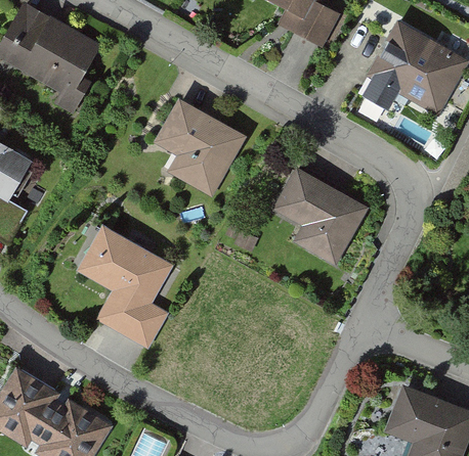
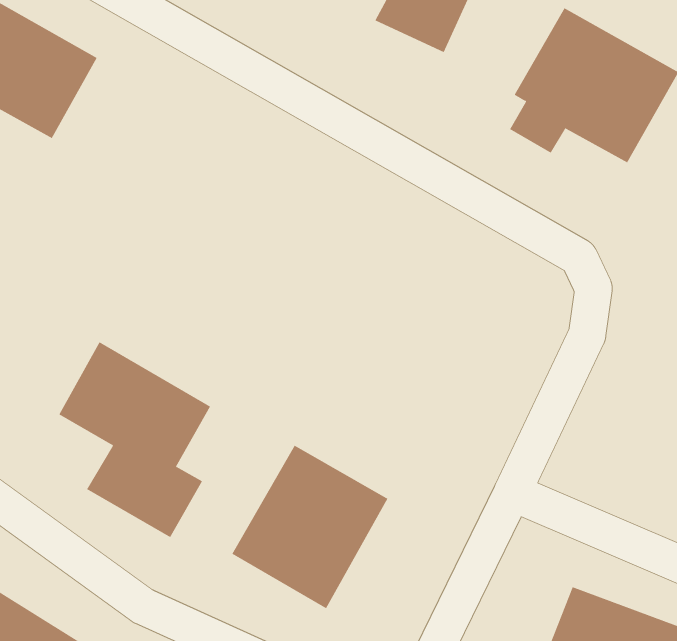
building: [155,101,245,196] -> none
building: [274,170,369,267] -> none
building: none -> [231,445,388,609]

